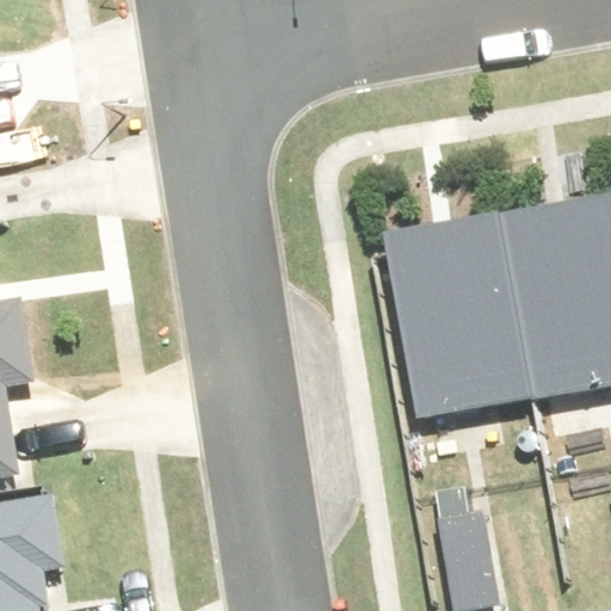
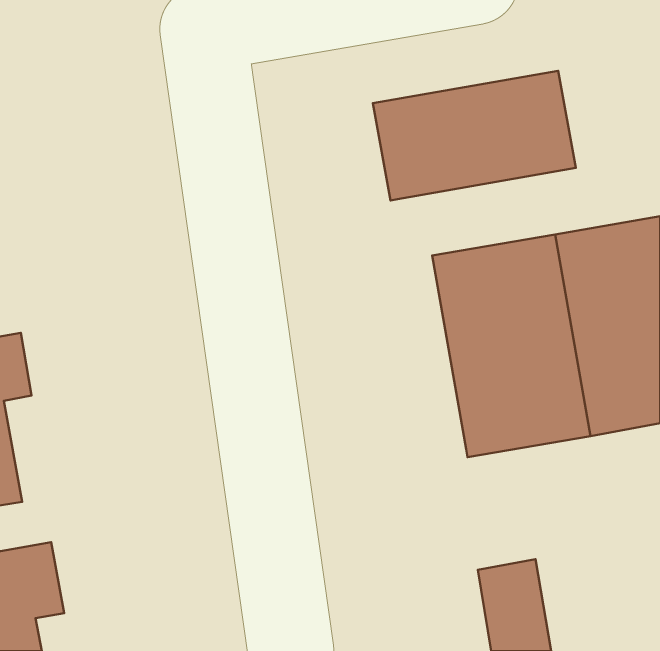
building: none -> [373,71,576,200]

